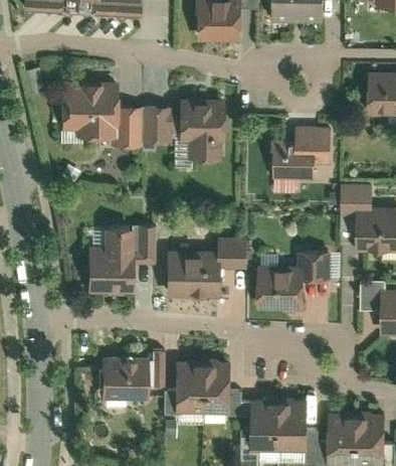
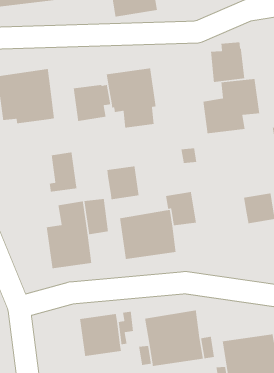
building: none -> [210,42,245,83]
building: [110,108,140,148] -> [49,151,78,192]
building: none -> [106,165,140,200]
building: [255,268,300,311] -> none

